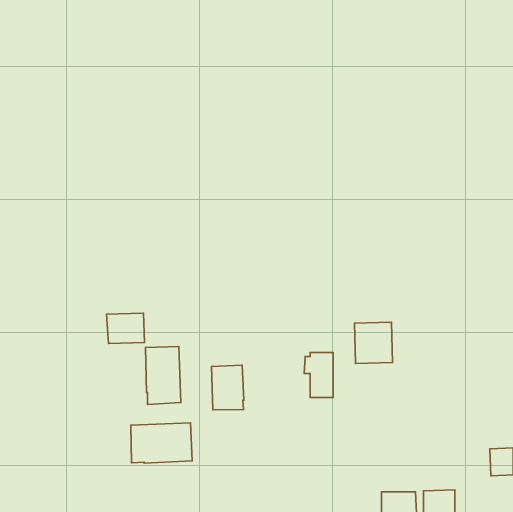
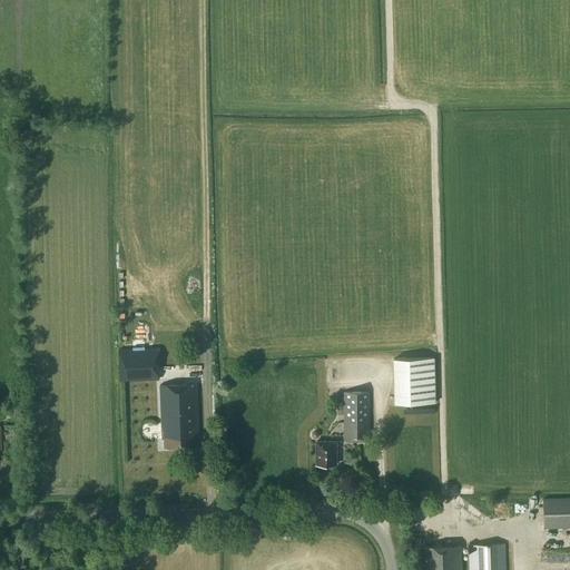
building: [211,365,244,410] -> none
building: none -> [317,442,336,465]
building: [131,423,192,463] -> none

